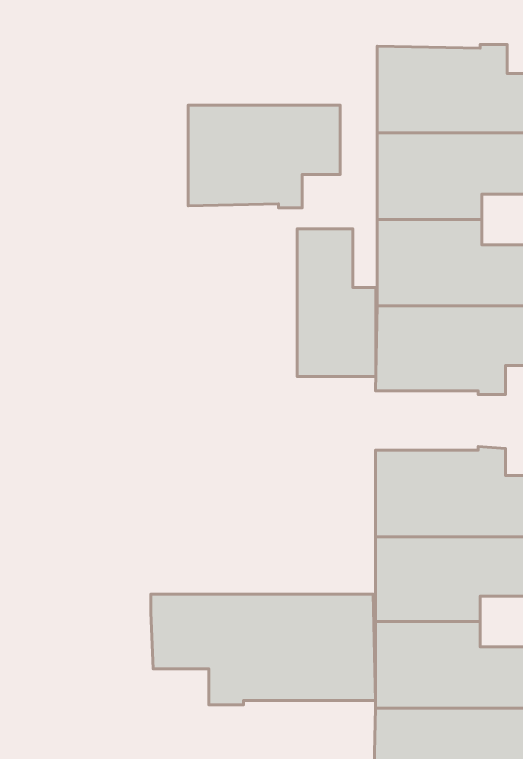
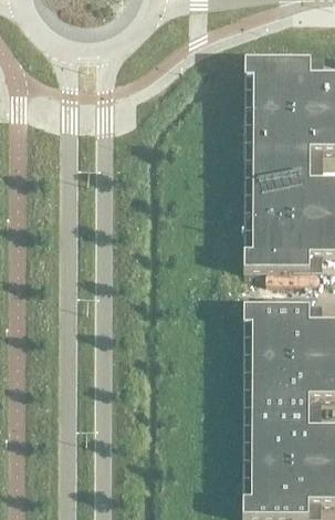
building: [188,105,340,208] -> none
building: [297,229,376,377] -> none
building: [151,594,375,705] -> none

